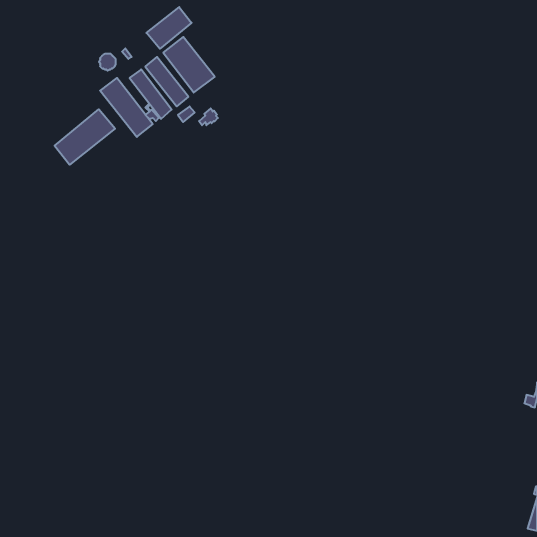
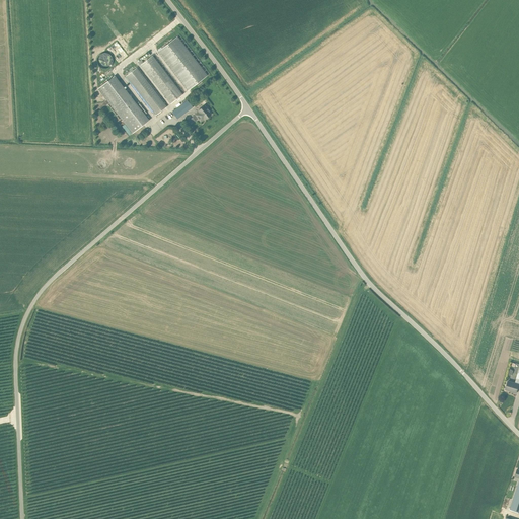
building: [146,7,192,49] -> none
building: [55,109,115,165] -> none

